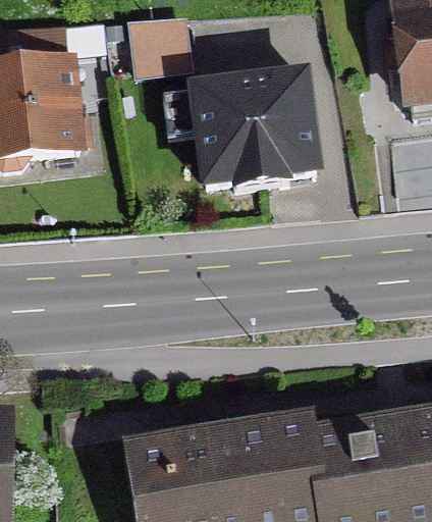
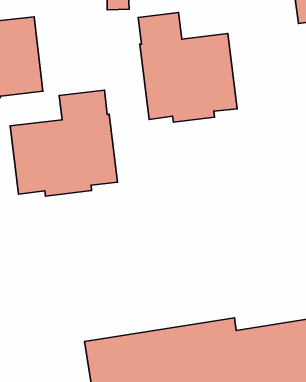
building: none -> [10,90,117,196]

